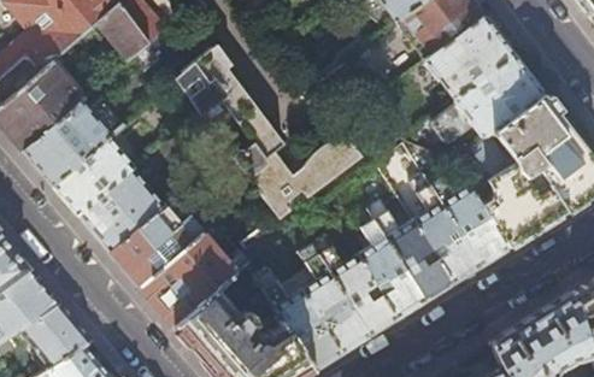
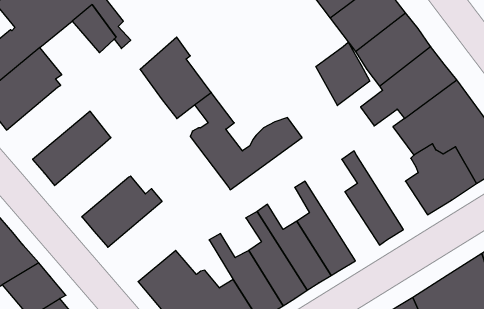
building: none -> [316,42,370,106]
building: [22,101,120,184] -> none
building: [77,167,163,251] -> none
building: [425,172,507,265] -> none
building: [366,201,452,301] -> none
building: [139,217,288,325] -> none

